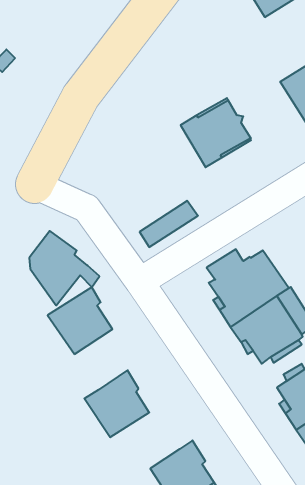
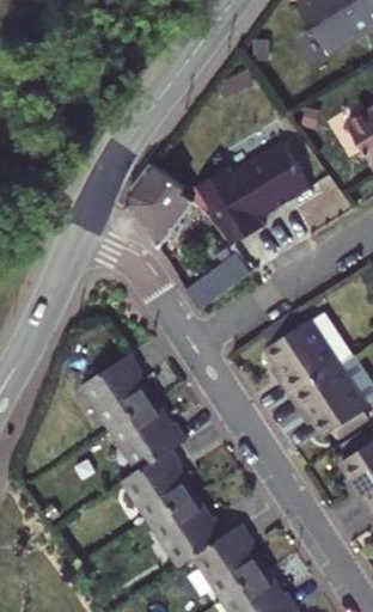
building: none -> [197,167,264,246]
building: [29,231,99,305] -> [127,164,204,246]
building: none -> [115,399,188,466]
building: none -> [154,491,231,563]

